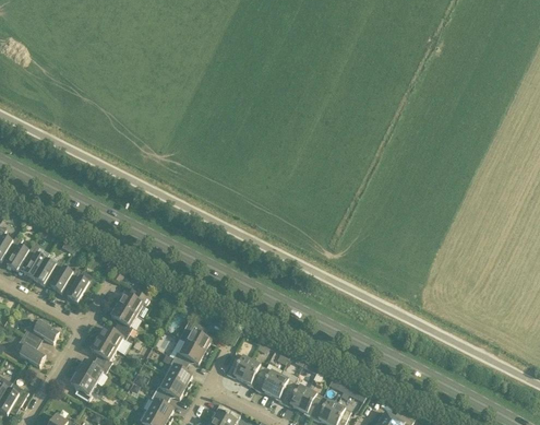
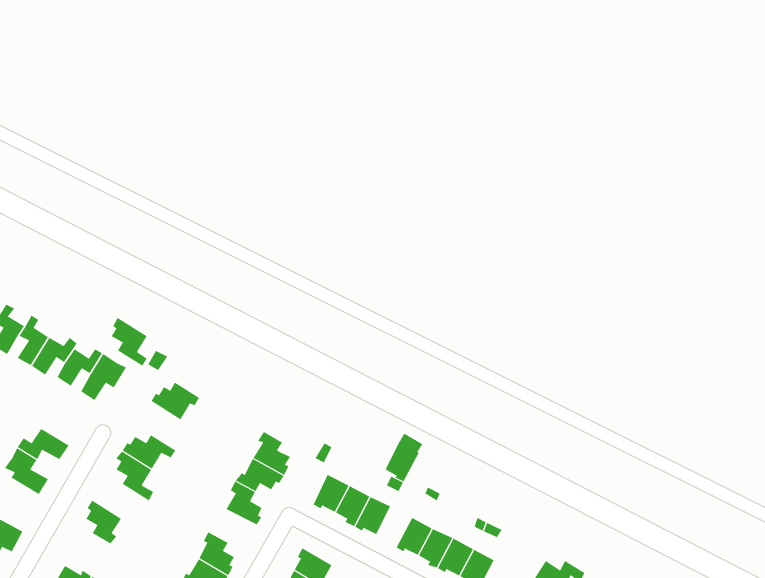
building: [109,303,134,337] -> [111,317,147,366]
building: [73,359,112,383] -> none
building: [268,369,295,403] -> [385,433,423,482]
building: [148,377,187,400] -> none

